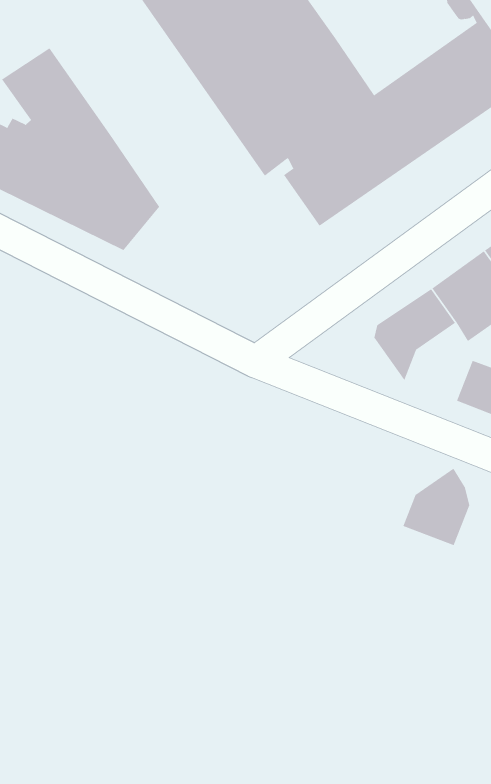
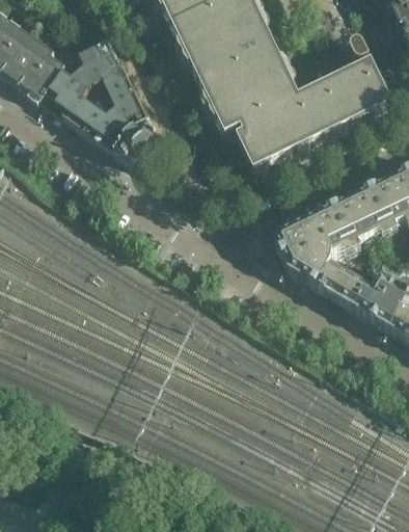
building: [402,468,470,546] -> [288,237,330,284]

